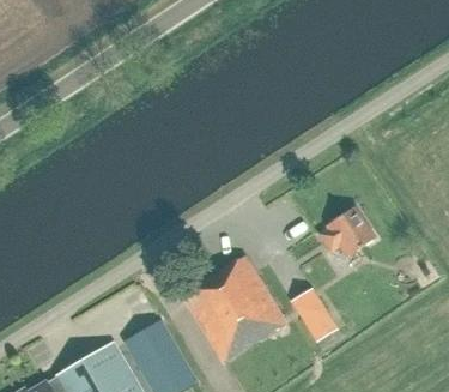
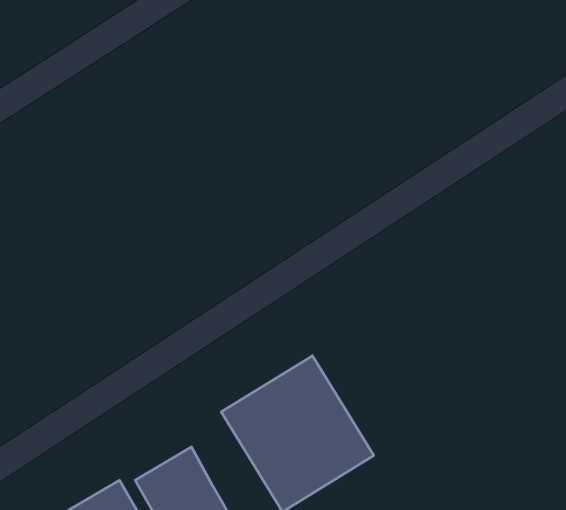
building: [318,206,375,257] -> none
building: [291,289,336,342] -> none

